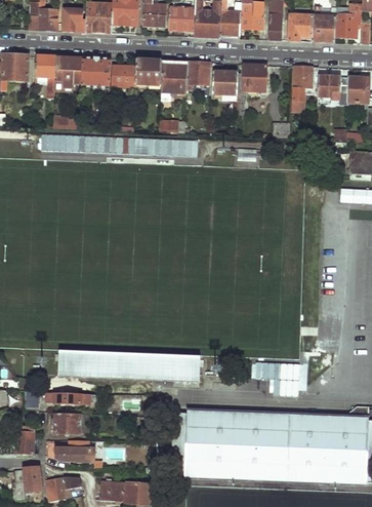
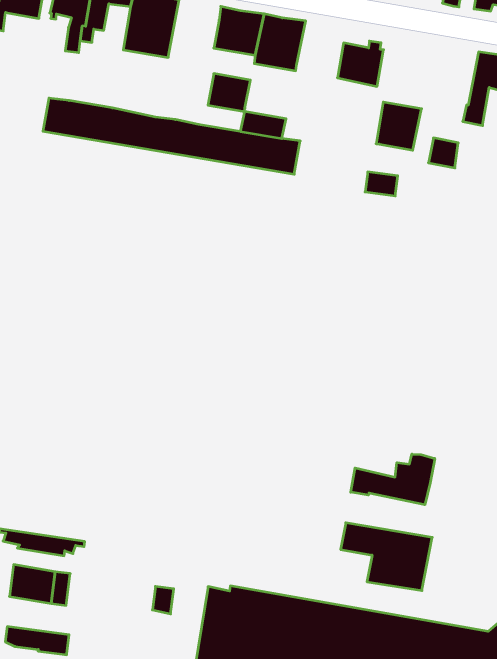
building: [185,62,210,89] -> none
building: [242,65,266,91] -> [376,102,422,150]
building: [112,67,135,87] -> [208,74,250,112]
building: none -> [351,454,435,505]
building: [57,351,199,379] -> none

